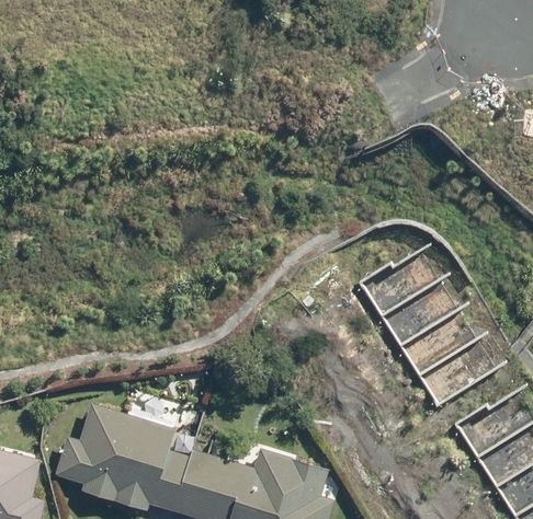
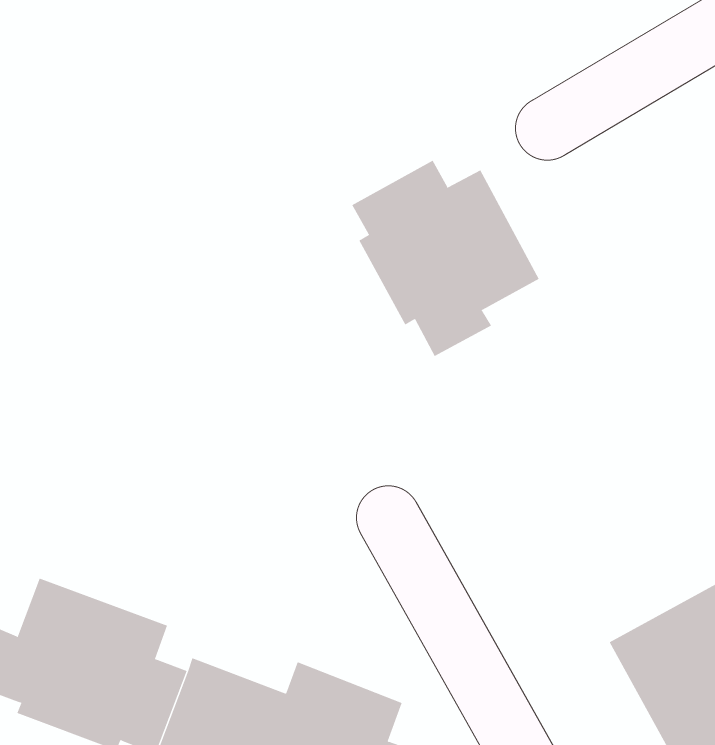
building: none -> [351,160,540,357]
building: [362,235,511,405] -> none

